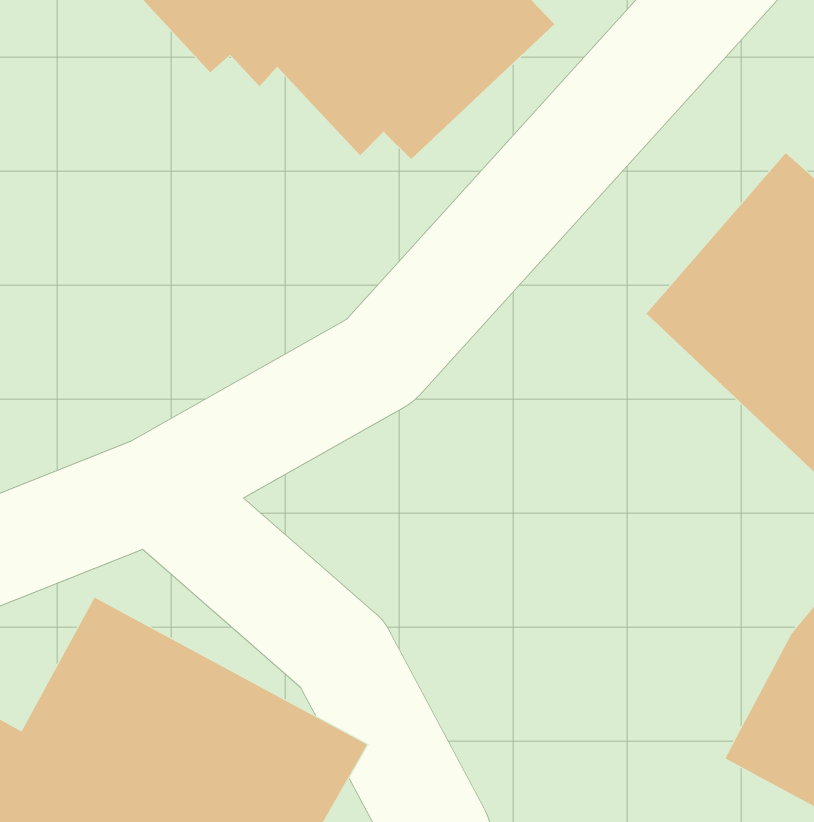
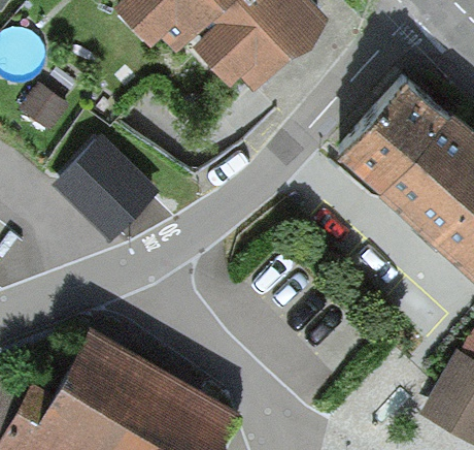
building: none -> [337,60,453,182]
building: none -> [57,139,159,239]

